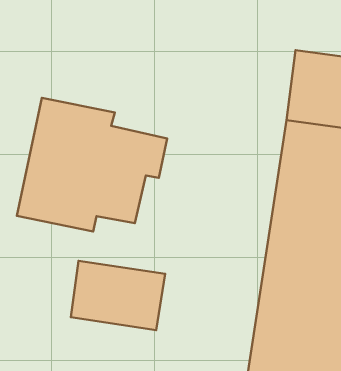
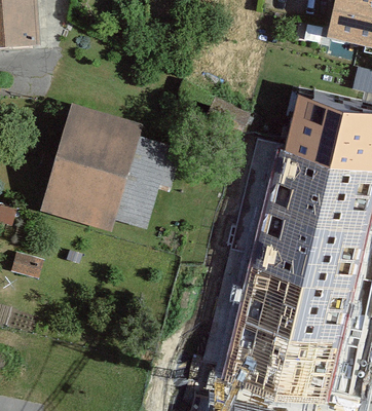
building: [71,261,165,330] -> none

